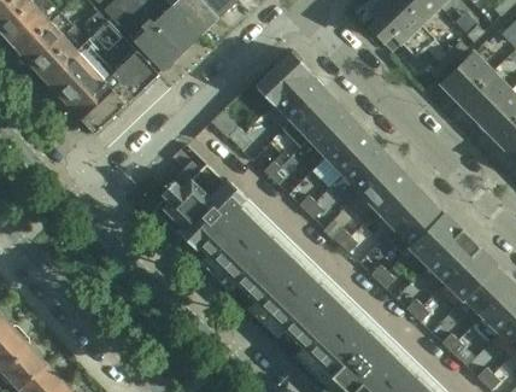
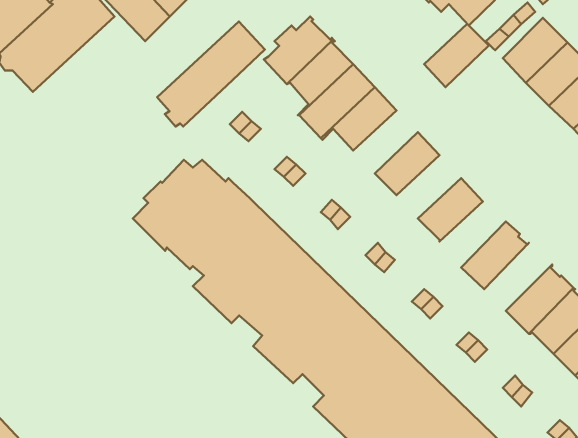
building: [74,52,158,134] -> [157,22,265,126]
building: [324,125,375,175] -> [424,24,489,87]
building: [358,160,409,210] -> none
building: [383,197,444,256] -> none
building: [427,229,480,282] -> none

